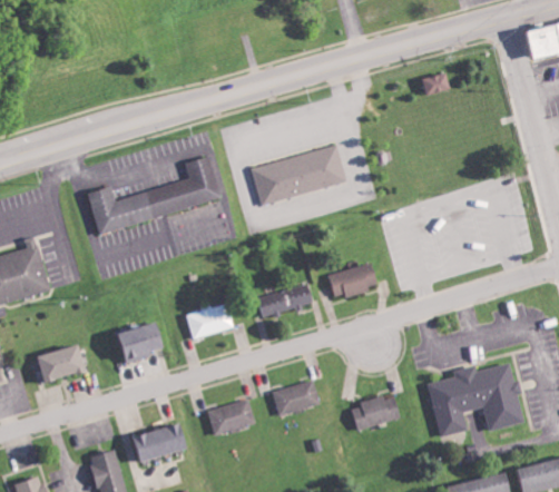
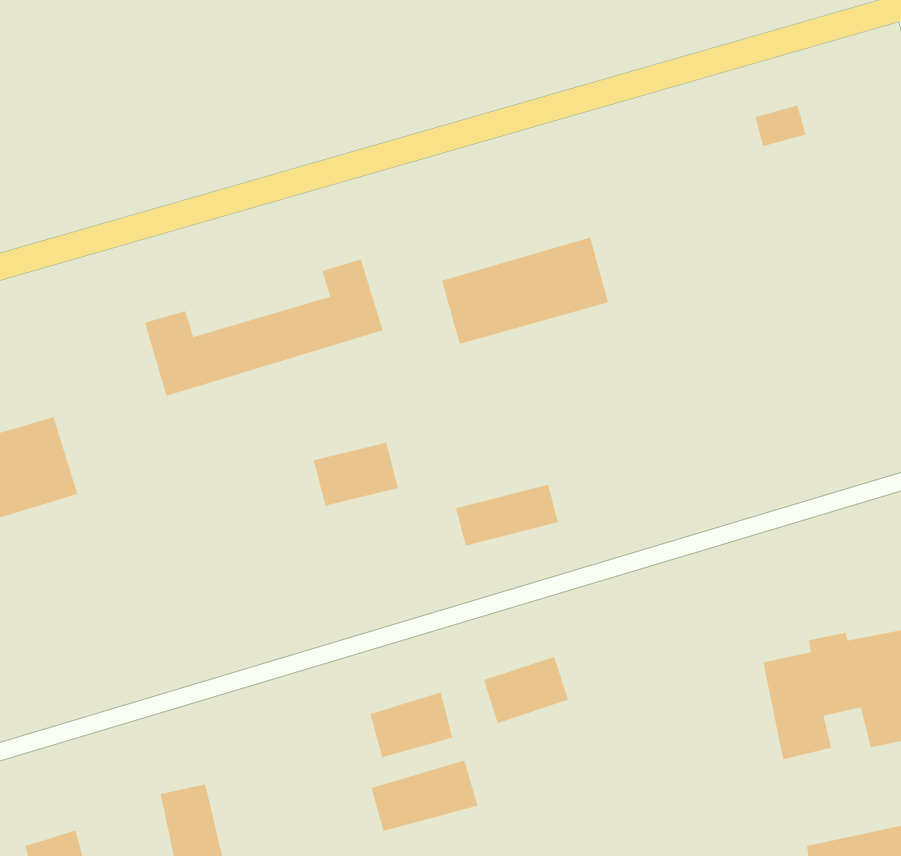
building: [328,263,377,298] -> none
building: [186,303,234,338] -> [313,442,399,506]
building: [118,323,164,360] -> none
building: [39,345,87,381] -> none
building: [350,395,401,431] -> none
building: [130,422,190,462] -> [371,760,479,832]

